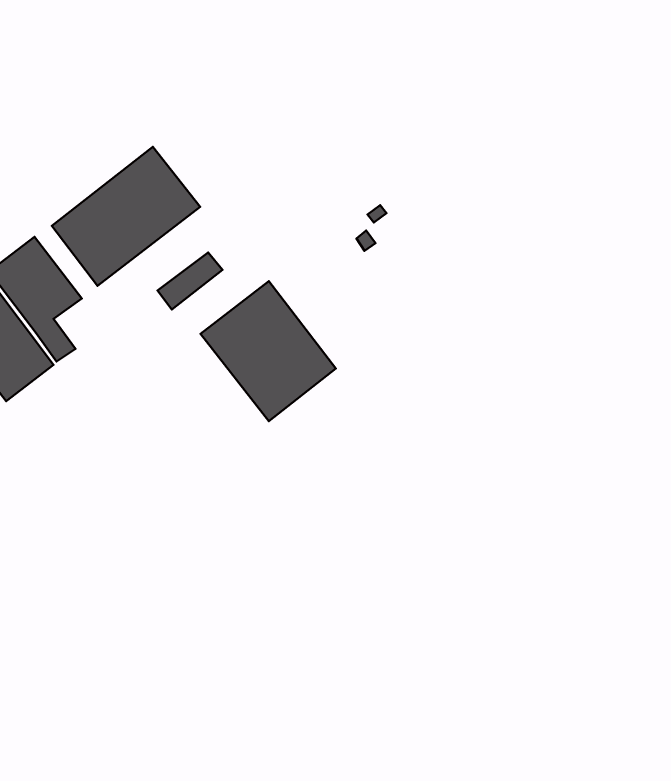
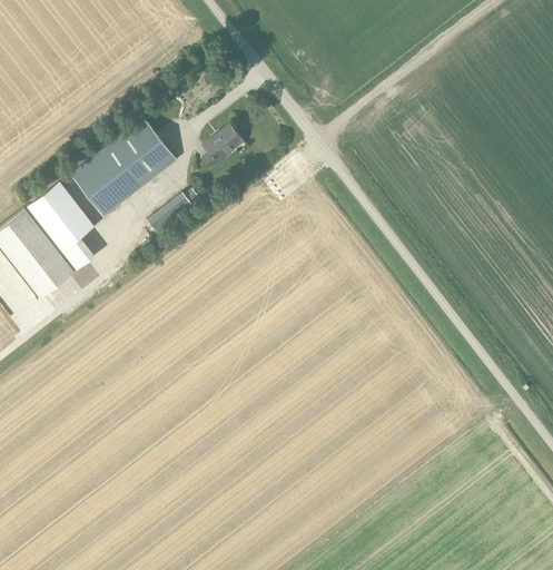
building: none -> [201,125,241,170]
building: [200,281,336,421] -> none

